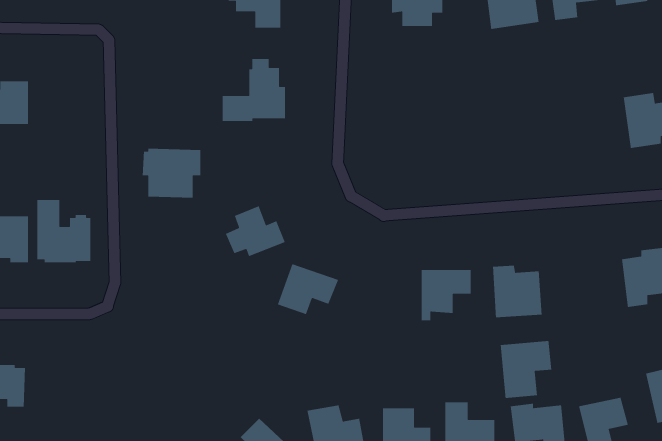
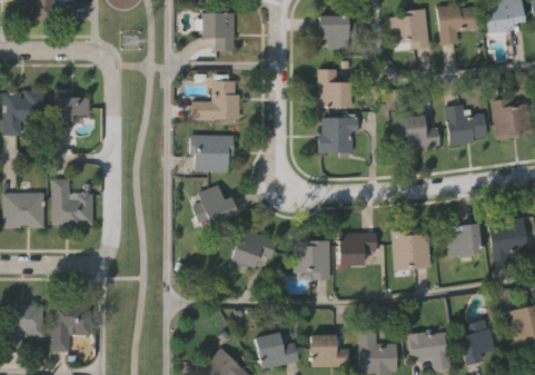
building: none -> [317,69,350,108]
building: none -> [57,88,92,129]
building: none -> [445,106,487,148]
building: none -> [318,115,358,156]
building: none -> [398,115,439,150]
building: [142,148,201,198] -> [189,132,234,170]
building: none -> [447,221,483,255]
building: none -> [295,239,331,278]
building: [500,340,552,399] -> none
building: none -> [52,299,93,351]

